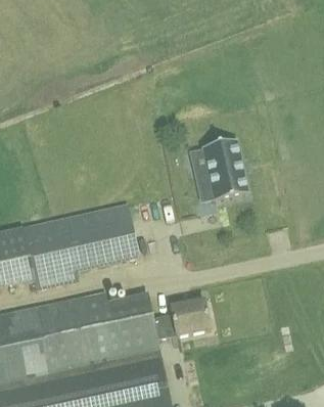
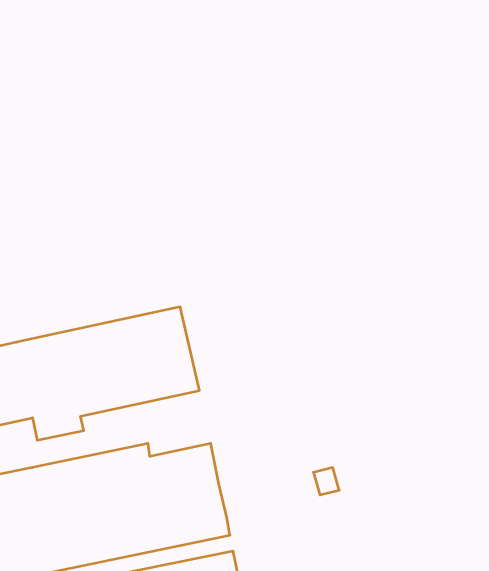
building: [194,137,244,198] -> none
building: [148,300,207,338] -> none

